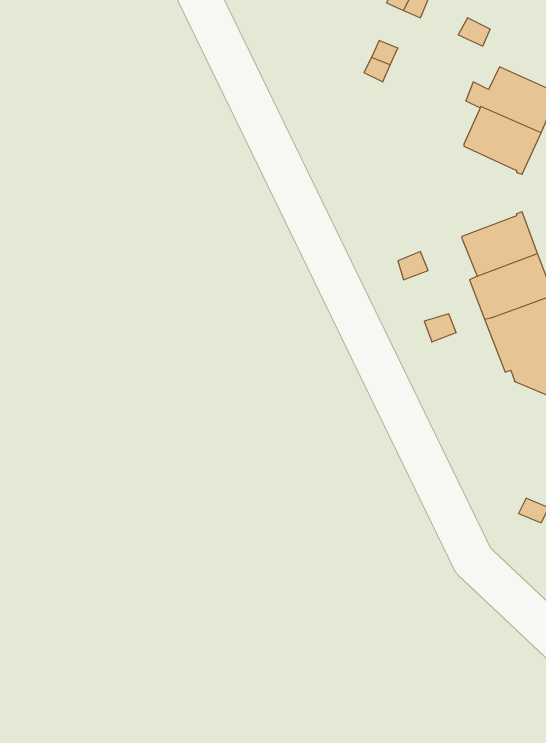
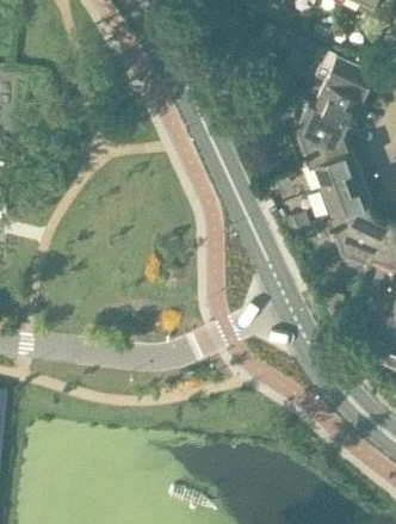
building: none -> [295,101,346,165]

